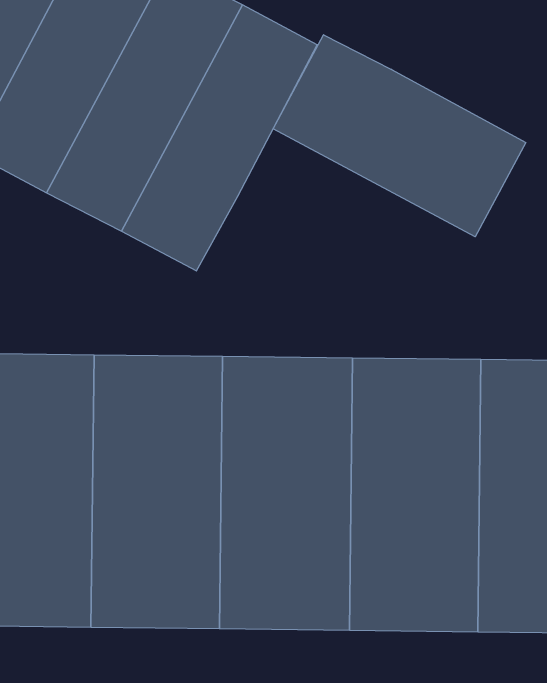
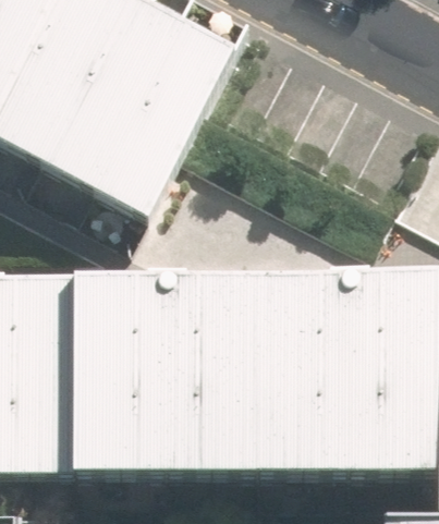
building: [273,35,526,237] -> none

